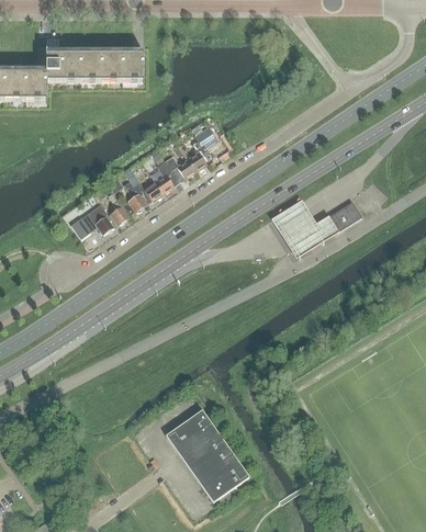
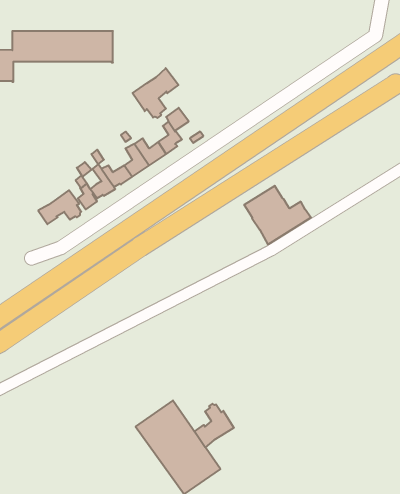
building: none -> [133,68,178,118]
building: [326,199,361,230] -> none
building: none -> [194,404,234,447]

